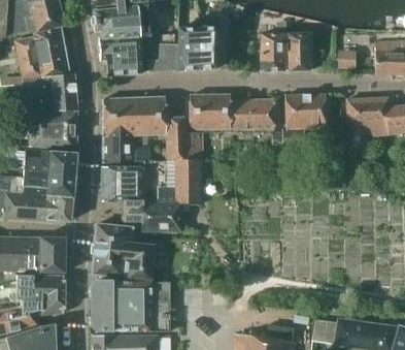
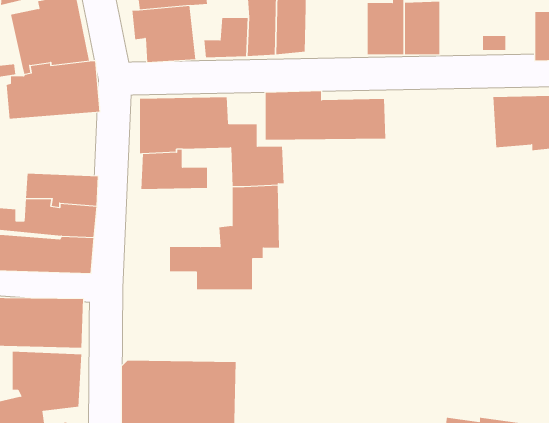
building: [272,93,325,147] -> none
building: [31,112,77,149] -> none
building: [102,166,145,202] -> none
building: [92,224,155,279] -> none

